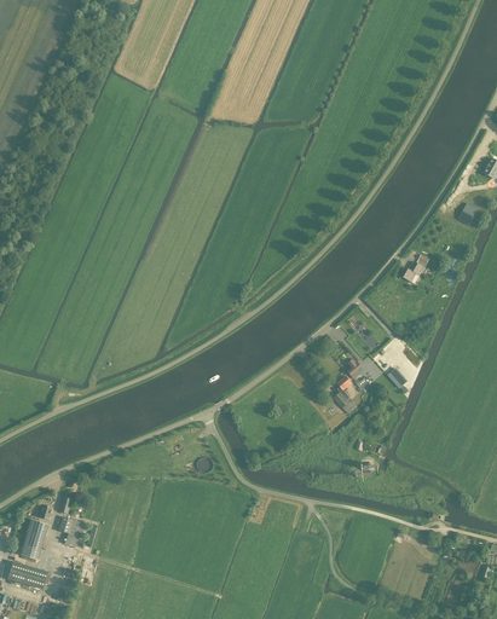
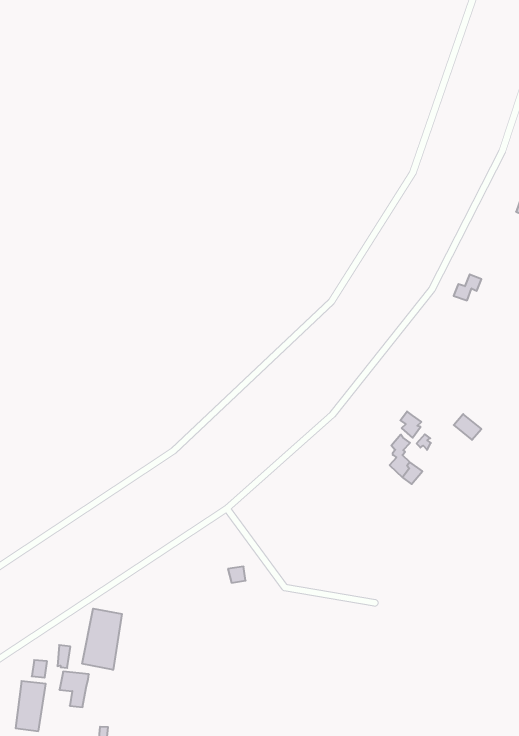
building: none -> [82,609,122,670]

